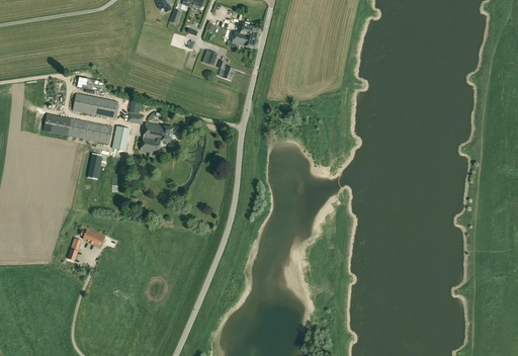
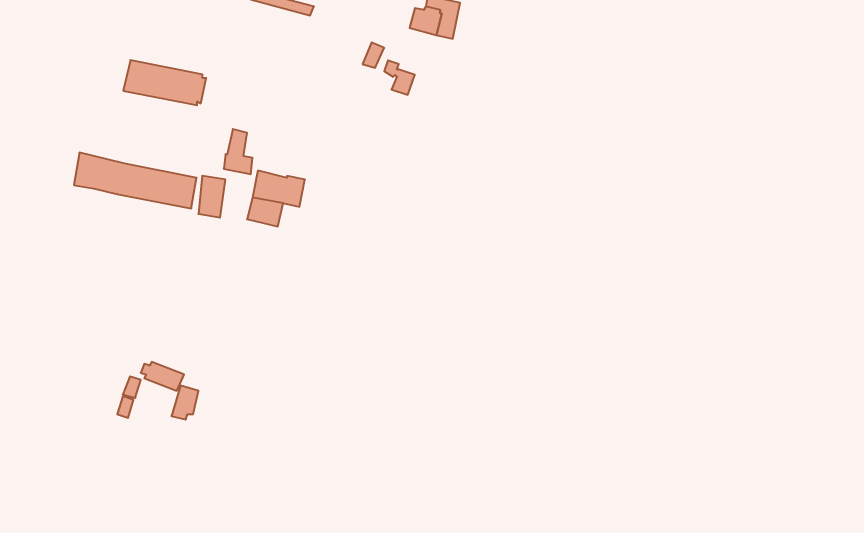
building: [73,93,119,118] -> [123,60,206,105]

